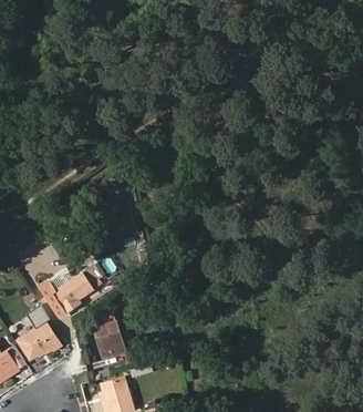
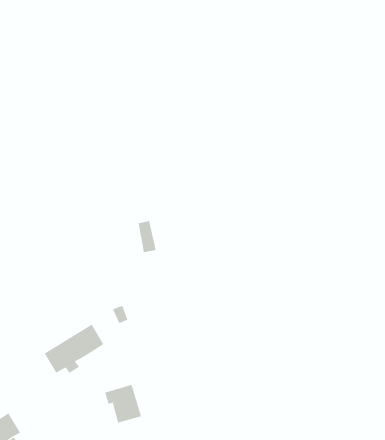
building: [17,321,61,359] -> none

